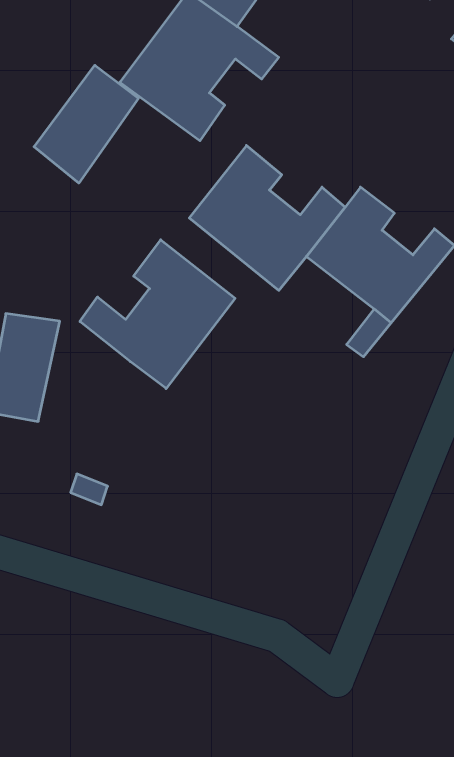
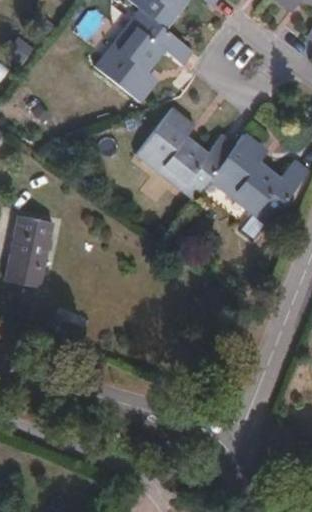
building: [34,65,138,183] -> none
building: [80,240,235,389] -> none

